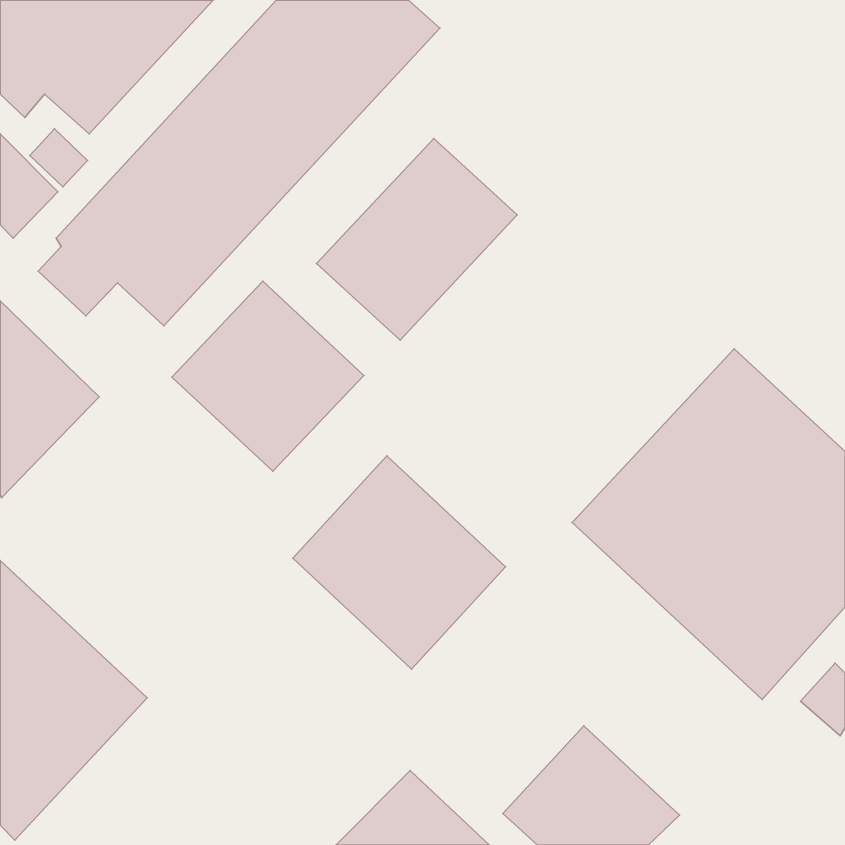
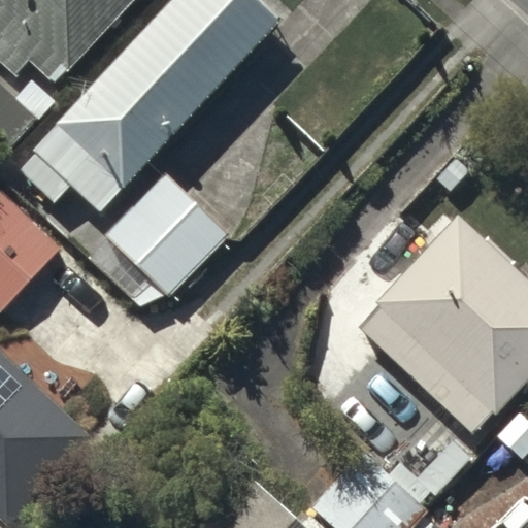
building: [317,138,517,340] -> none
building: [293,456,505,669] -> none

